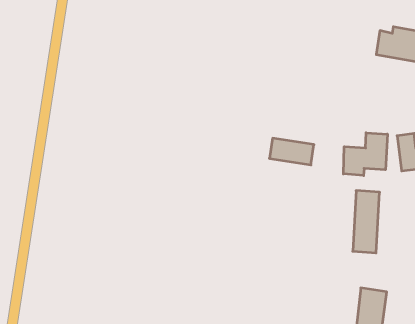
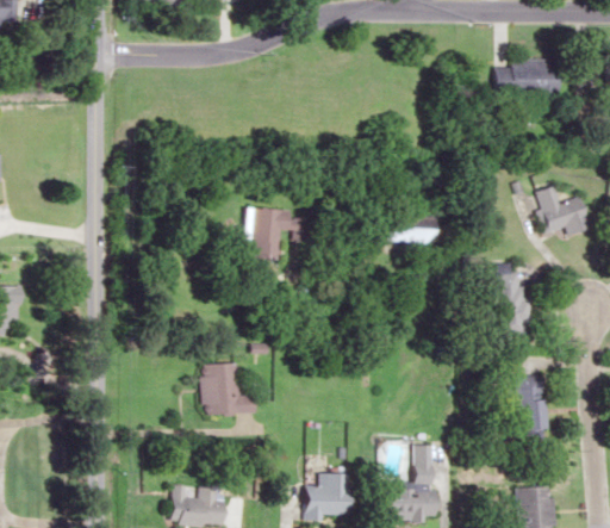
building: none -> [247,207,306,259]
building: [343,133,387,176] -> none
building: none -> [203,362,256,415]

